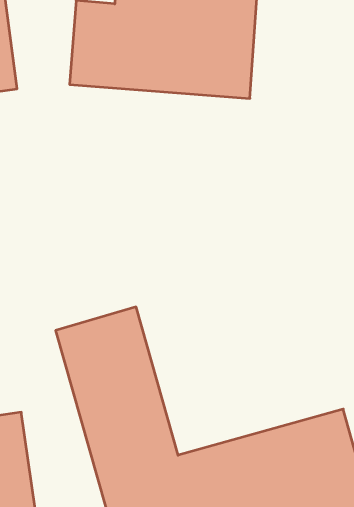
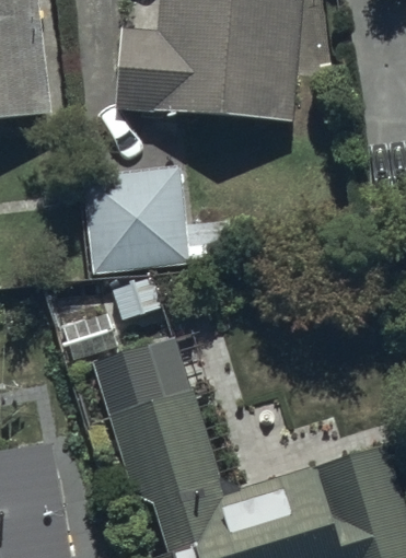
building: none -> [84,164,232,272]

